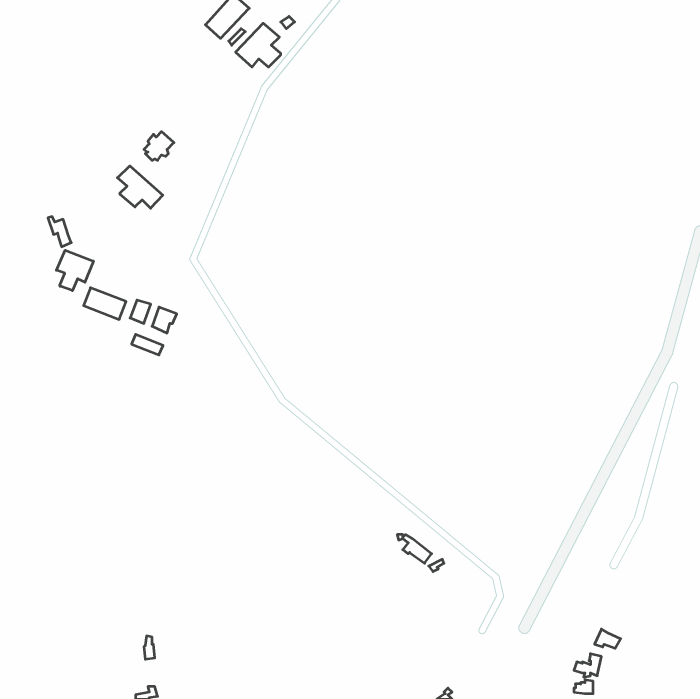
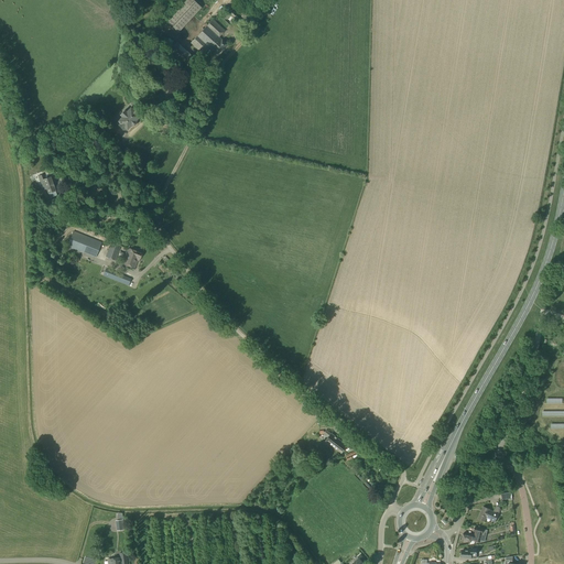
building: [117,166,163,208] -> none
building: [56,250,93,291] -> none

